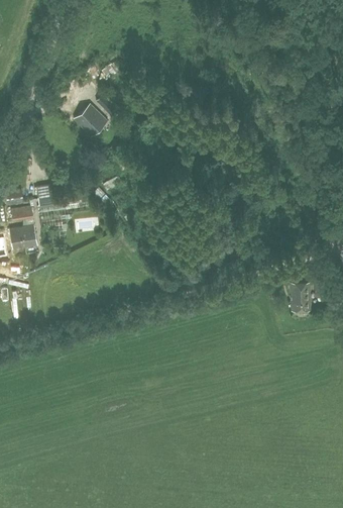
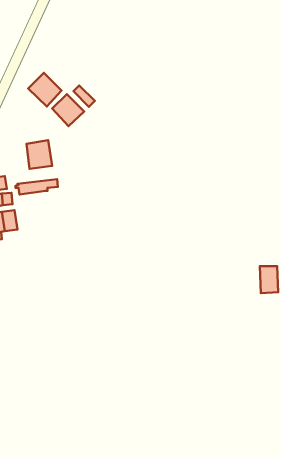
building: none -> [28,73,62,106]
building: none -> [26,140,52,169]

